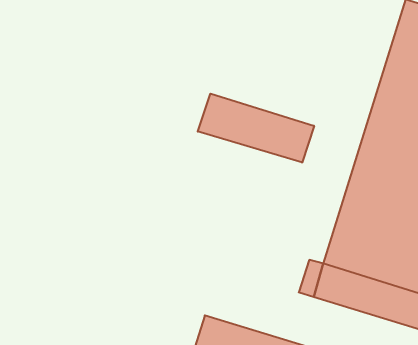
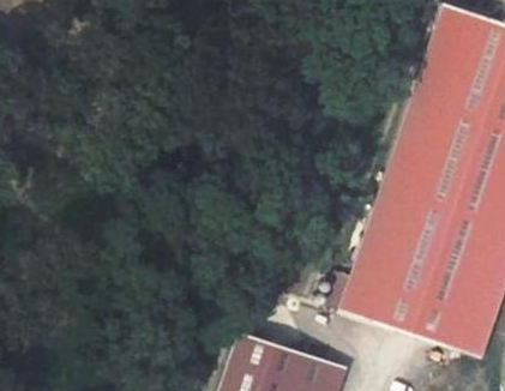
building: [198,94,314,163] -> none

